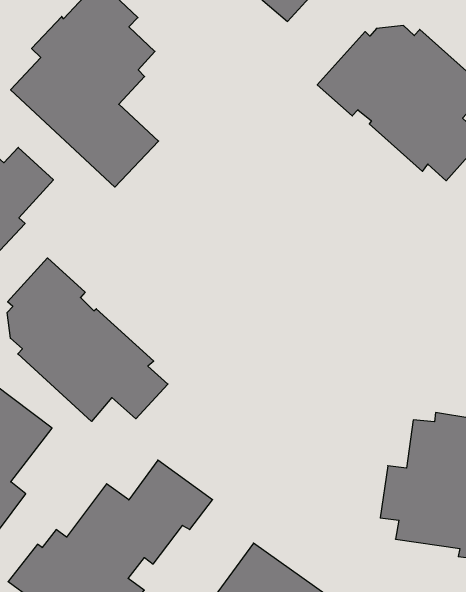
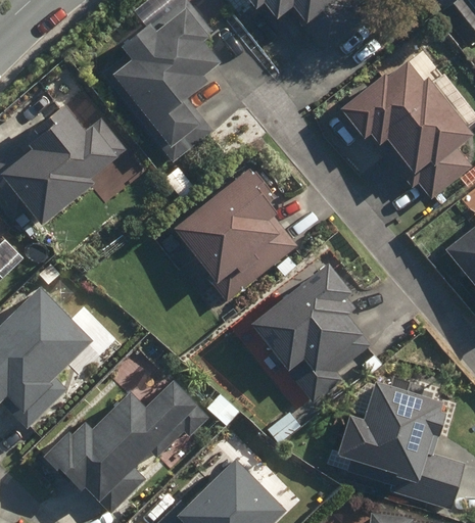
building: none -> [177,169,296,301]
building: [7,258,168,421] -> none
building: none -> [252,263,364,402]

